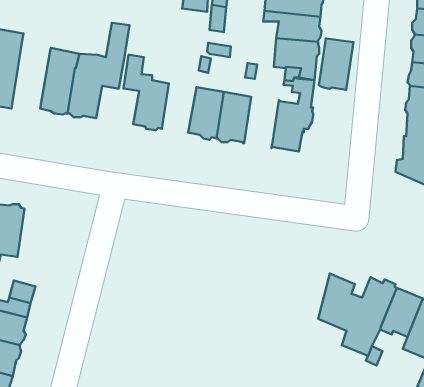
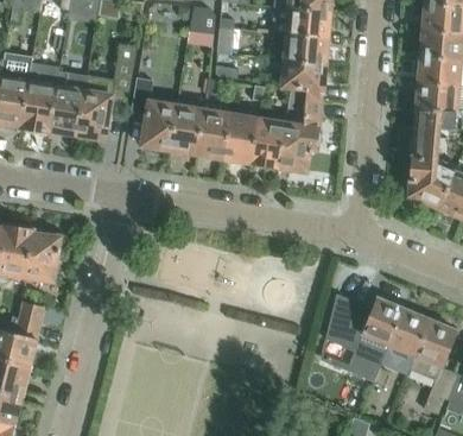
building: [319,39,353,90] -> [252,118,286,169]
building: none -> [20,62,59,133]
building: none -> [170,105,204,153]
building: none -> [26,229,69,280]

